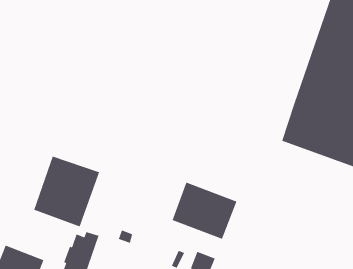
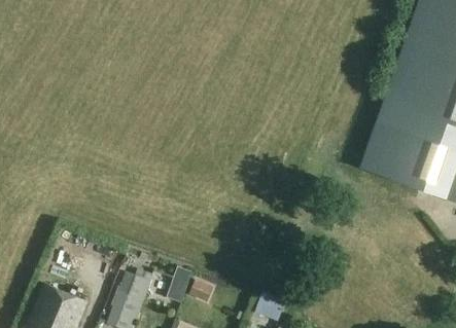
building: [33,156,100,227] -> none
building: [171,182,237,240] -> none

